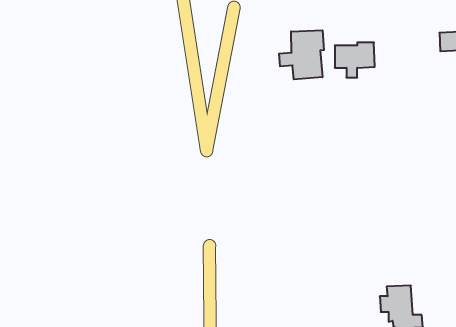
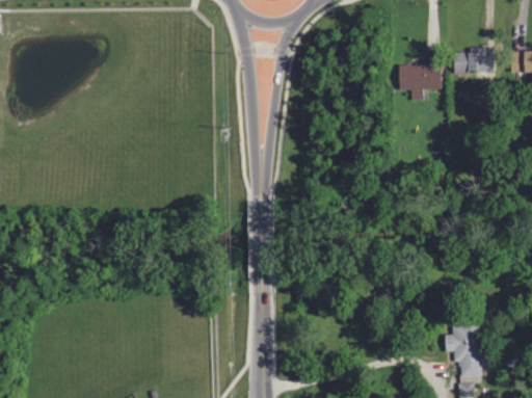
building: none -> [453,49,494,75]
building: [279,30,324,79] -> none

